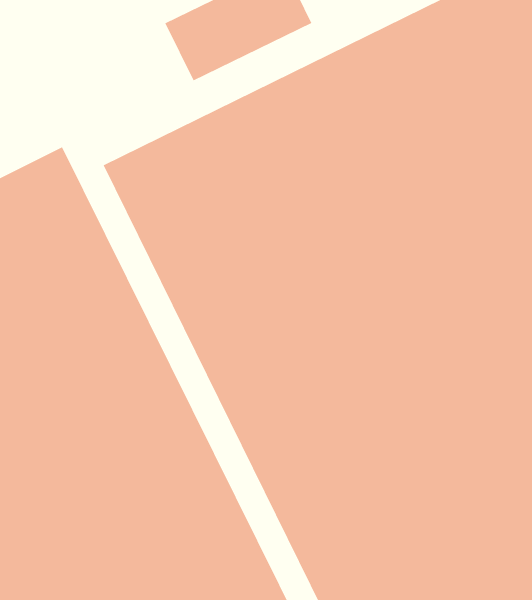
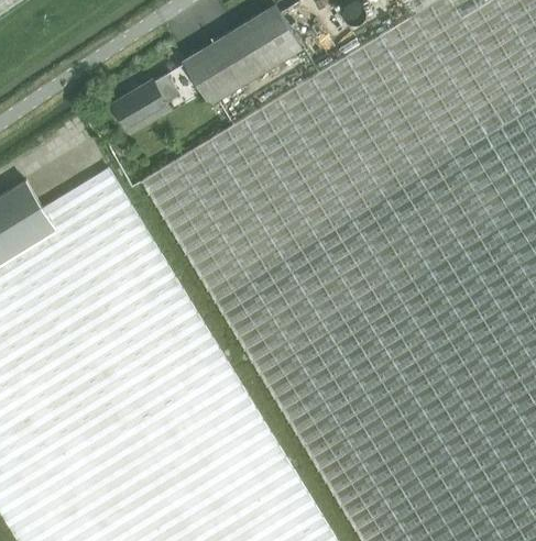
building: none -> [114,76,178,132]

